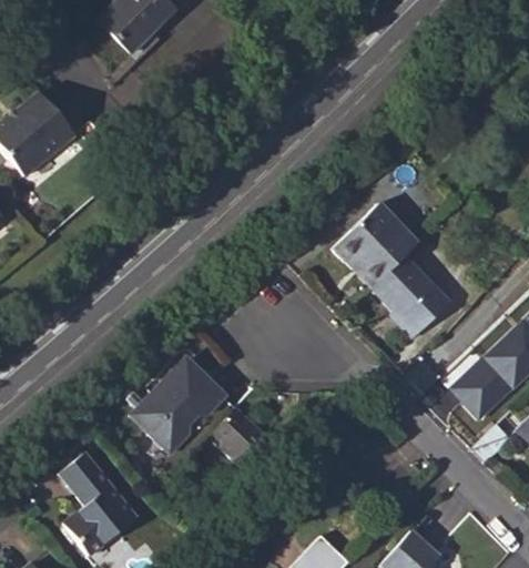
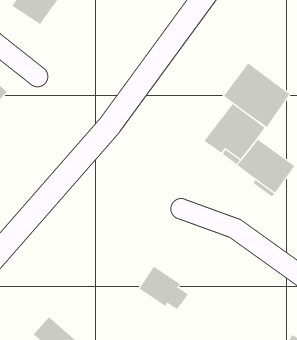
building: none -> [223,63,290,128]
building: [130,358,224,454] -> none

